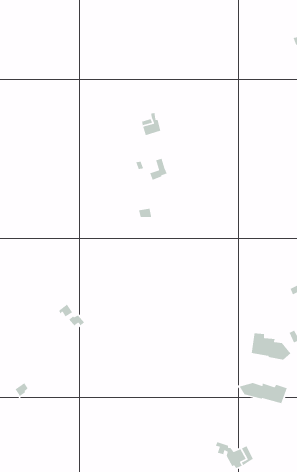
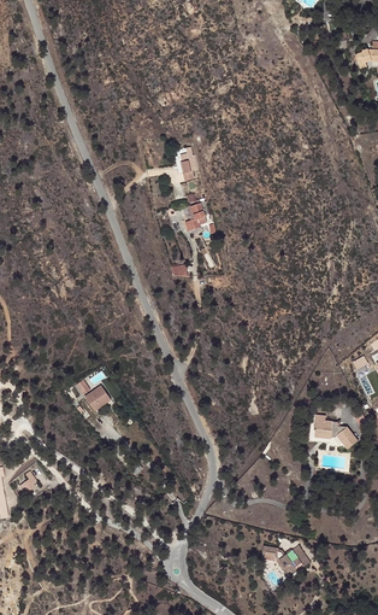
building: [239,382,288,404] -> none

